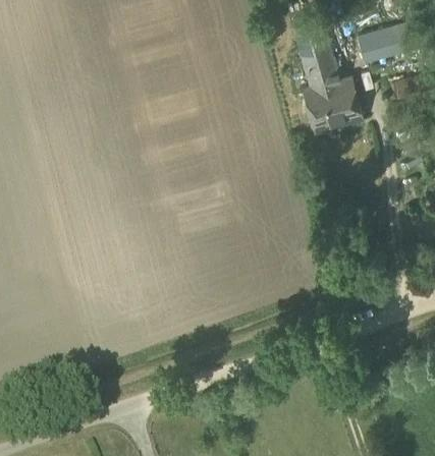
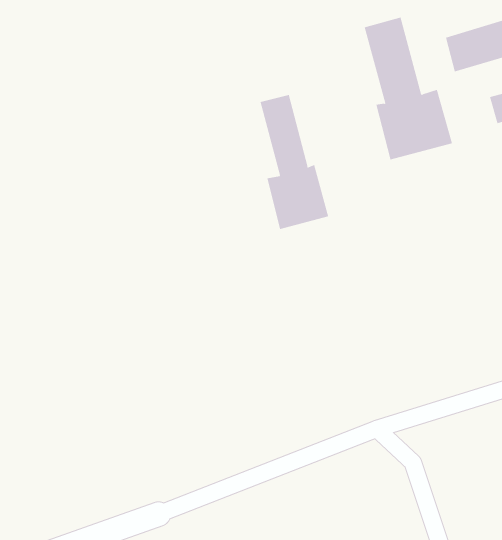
building: none -> [260,94,329,230]

